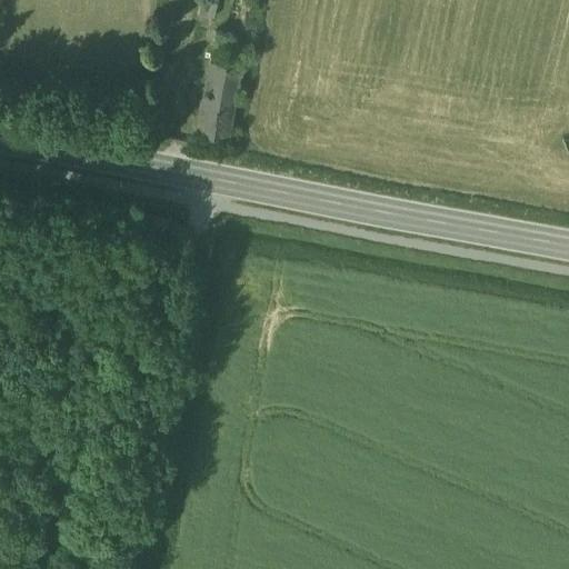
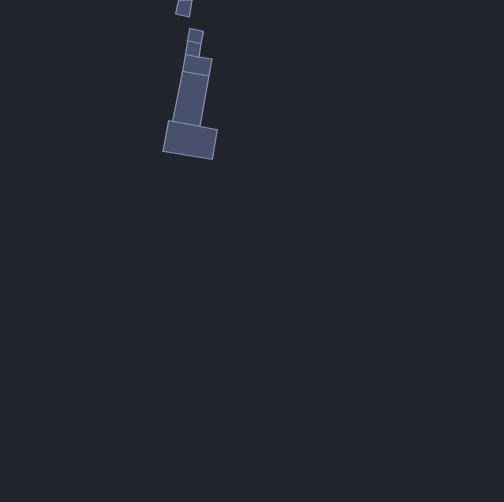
building: none -> [163,121,217,159]

